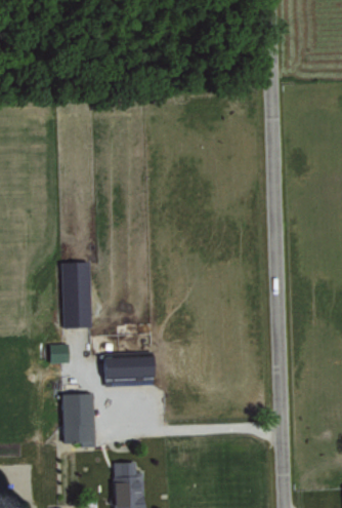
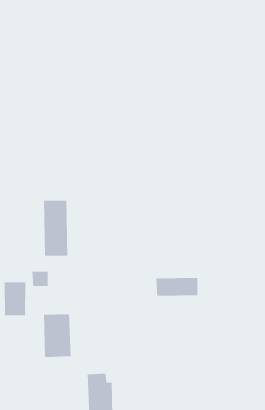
building: [103,357,153,380] -> [156,277,198,297]
building: none -> [4,282,26,316]

